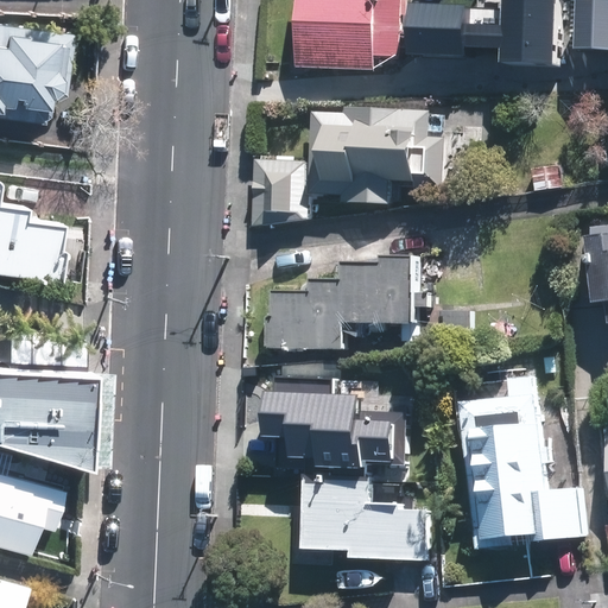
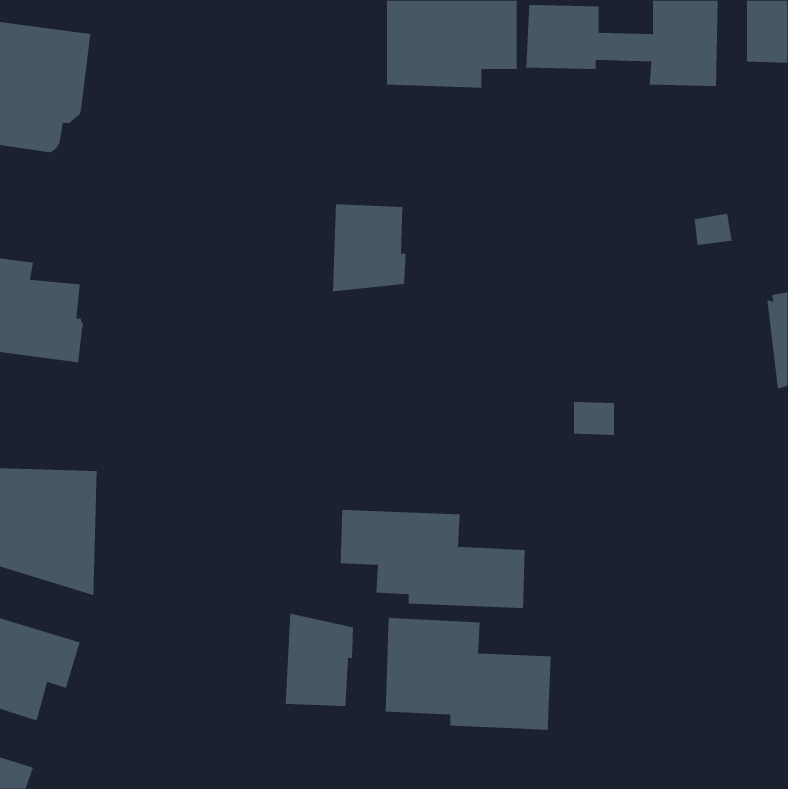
building: [311,104,448,202] -> none
building: [266,253,430,349] -> none
building: [463,375,585,549] -> none
building: none -> [285,613,354,707]

